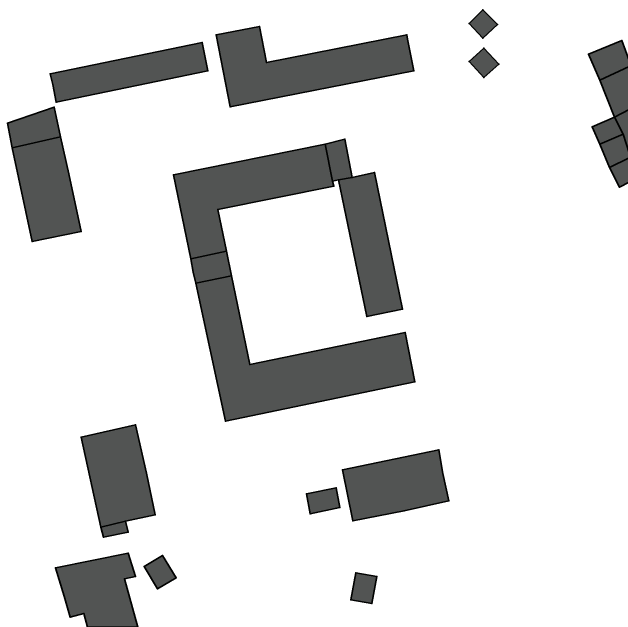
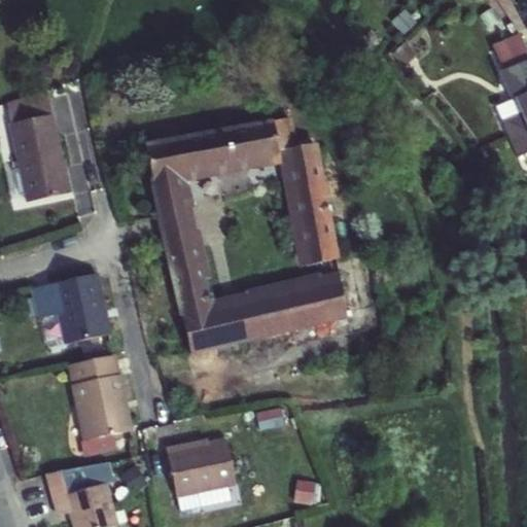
building: [216,26,414,107] -> none
building: [50,43,208,102] -> none
building: none -> [33,275,110,344]
building: [343,450,449,521] -> none
building: none -> [167,438,236,496]

